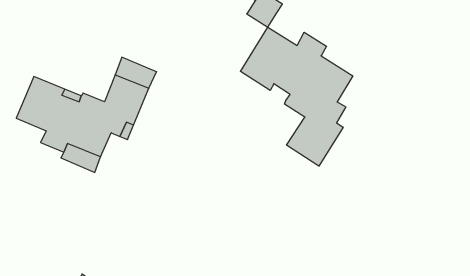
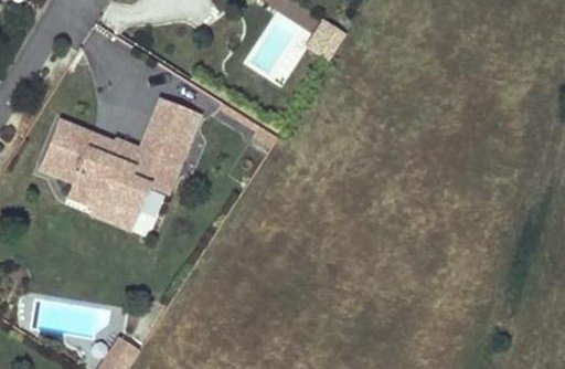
building: [240,27,353,166] -> none

